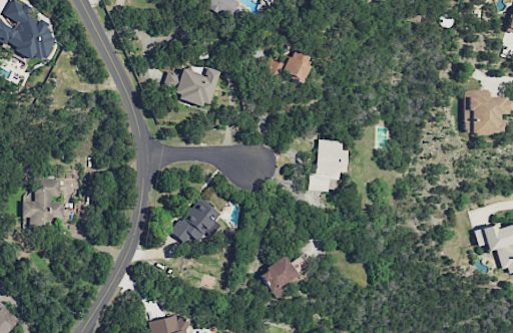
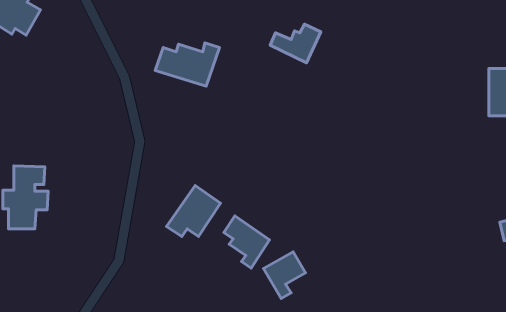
building: [310,139,348,192] -> none
building: none -> [224,216,270,268]

